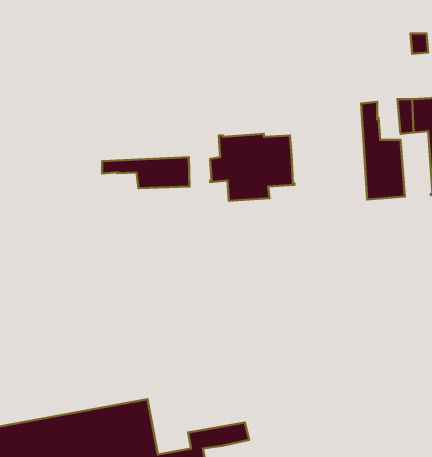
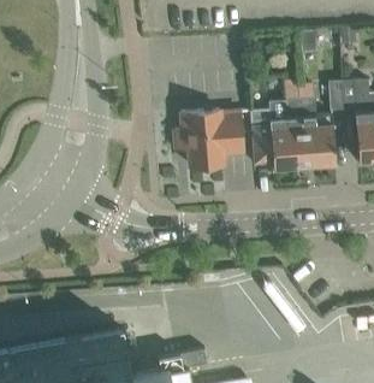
building: none -> [250,81,304,169]
building: [102,157,190,188] -> none

